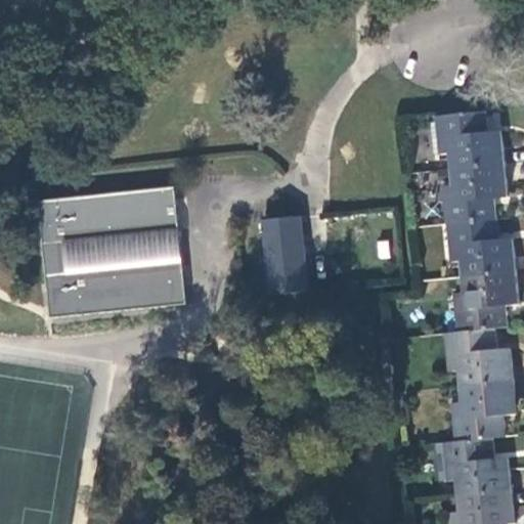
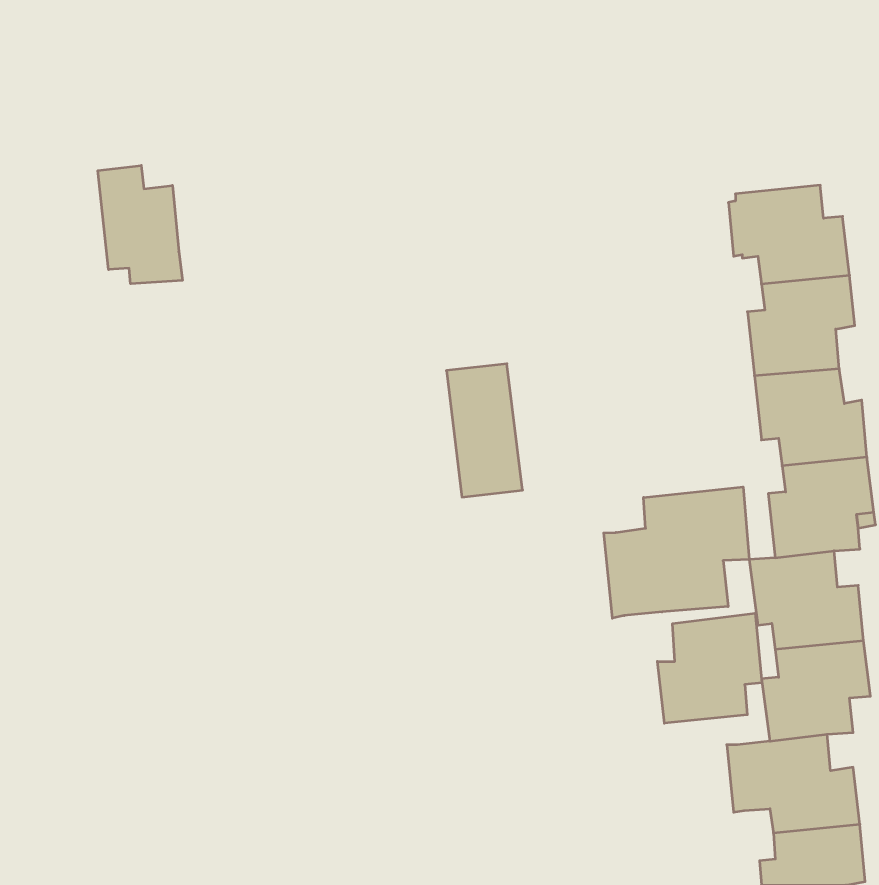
building: none -> [98,165,182,284]
building: [38,188,186,319] -> none
building: none -> [604,487,749,618]
building: none -> [657,613,762,723]

